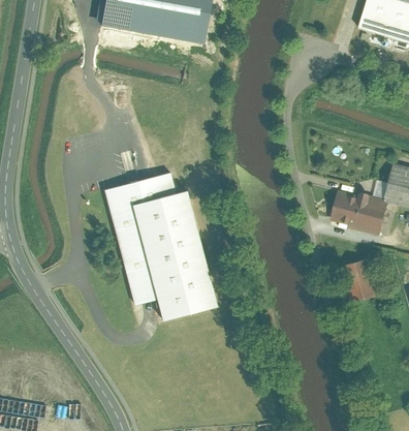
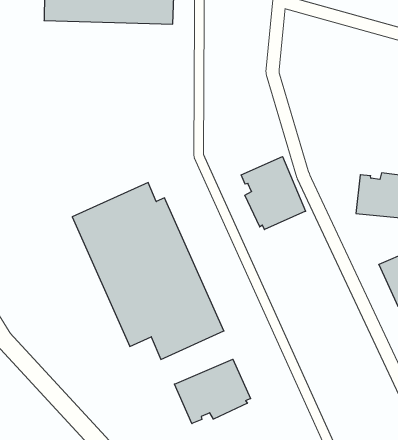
building: none -> [241,157,306,230]
building: none -> [174,359,251,424]

